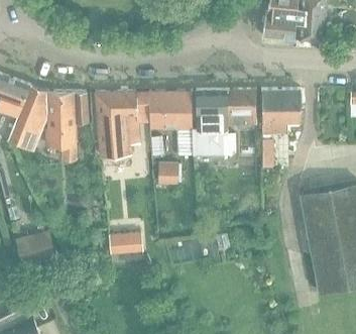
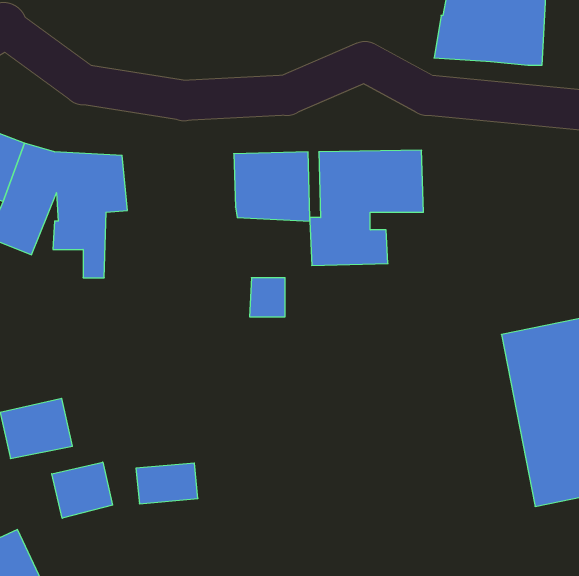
building: [262,90,301,165] -> none
building: [94,92,149,156] -> none
building: [108,232,143,255] -> [136,463,198,504]
building: none -> [52,462,112,518]

